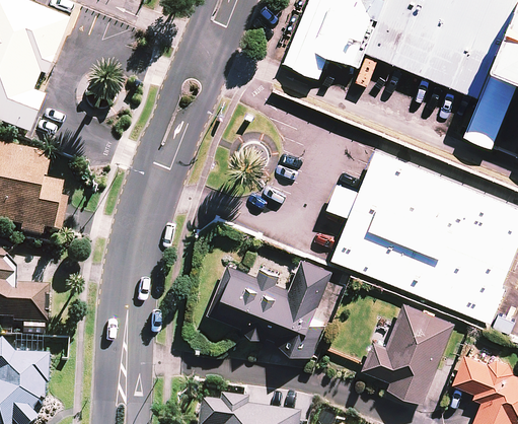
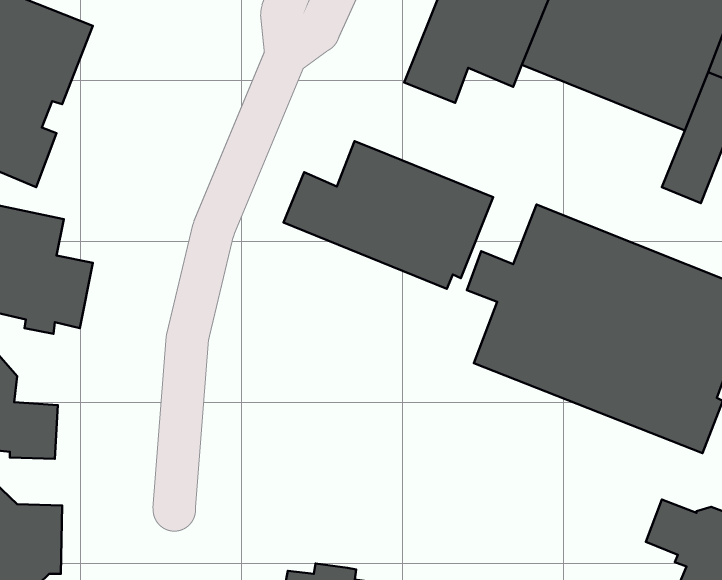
building: none -> [283,141,493,289]
building: [208,259,331,356] -> none
building: [362,302,455,403] -> none

